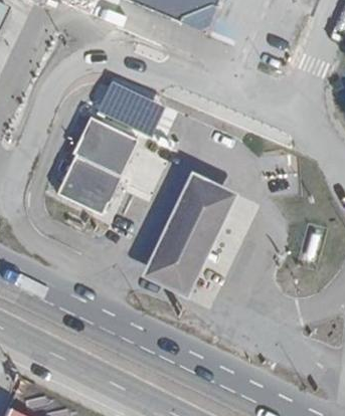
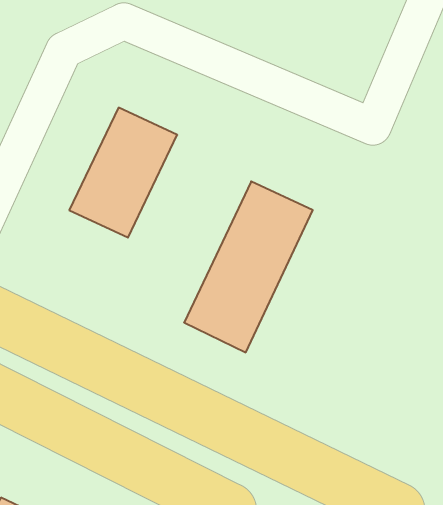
building: [98,80,164,136] -> none

